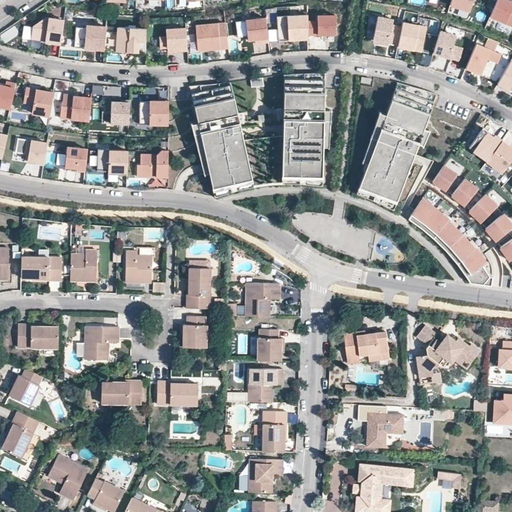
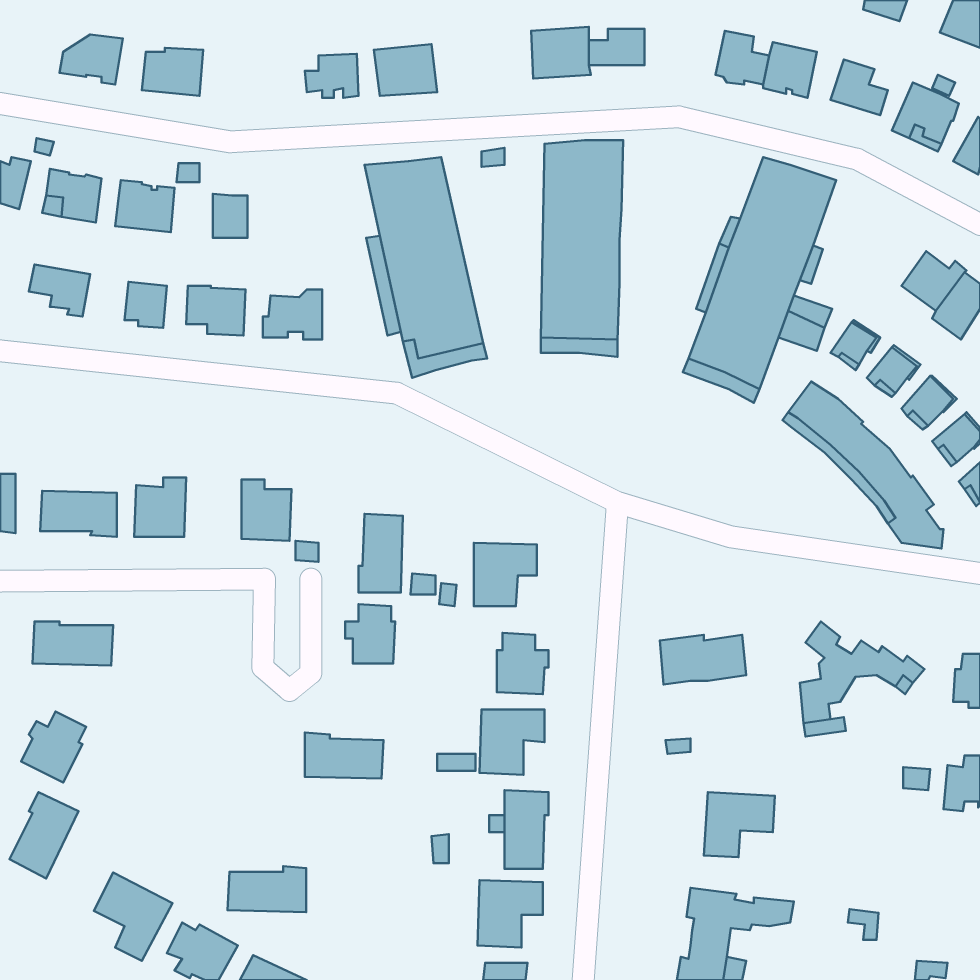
building: [246,18,268,40] -> none
building: [117,27,146,53] -> none
building: [139,100,168,125] -> none
building: [84,325,118,359] -> none
building: [102,381,143,405] -> [228,866,306,912]

